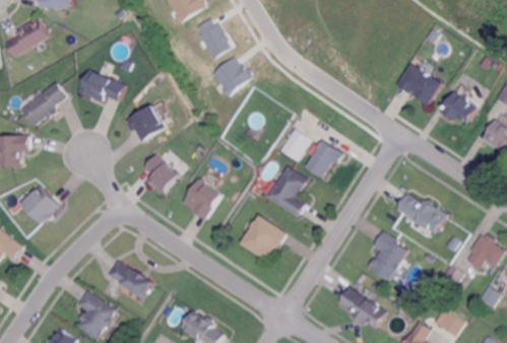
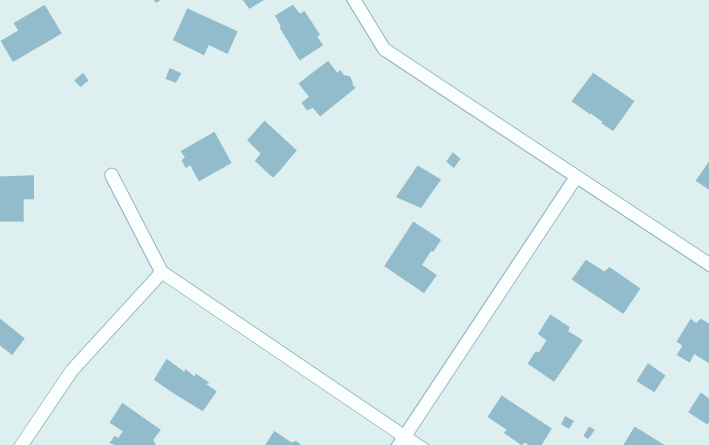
building: [77,69,123,102] -> [172,8,239,56]
building: [19,83,65,127] -> none
building: [441,92,477,125] -> none
building: [305,141,343,179] -> none
building: [143,153,179,194] -> [246,119,298,178]
building: [183,179,221,219] -> none
building: [20,185,59,224] -> none
building: [241,215,284,257] -> none

